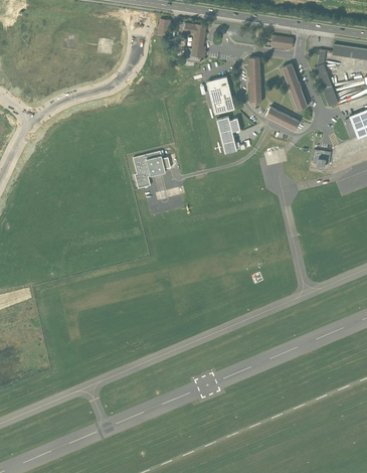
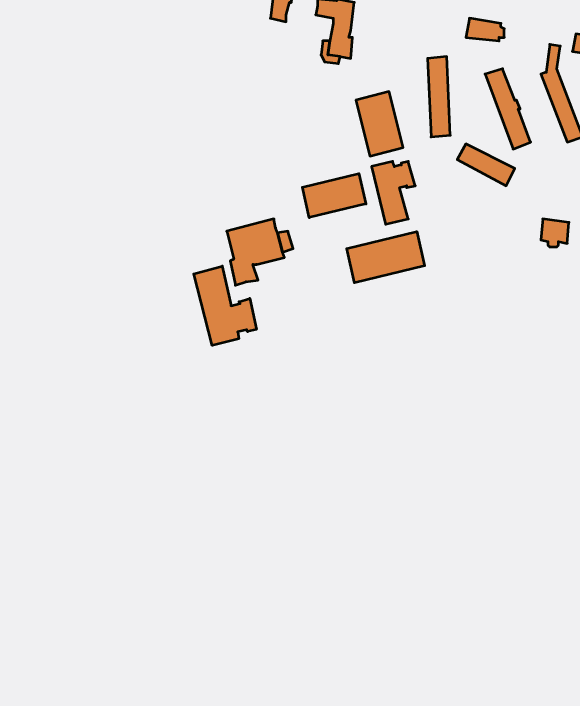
building: none -> [302,174,366,218]
building: none -> [347,232,425,283]
building: none -> [194,266,256,345]

